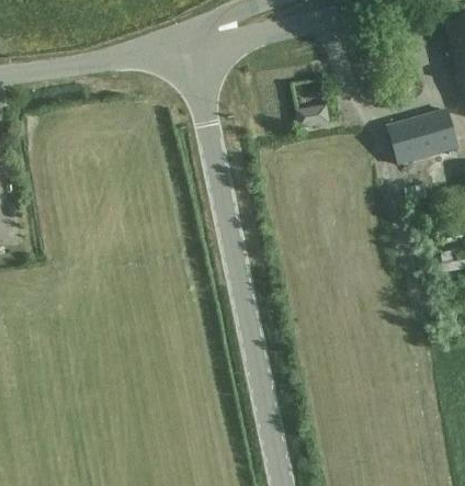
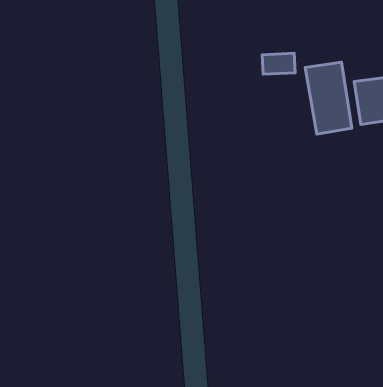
building: none -> [305,62,352,134]

